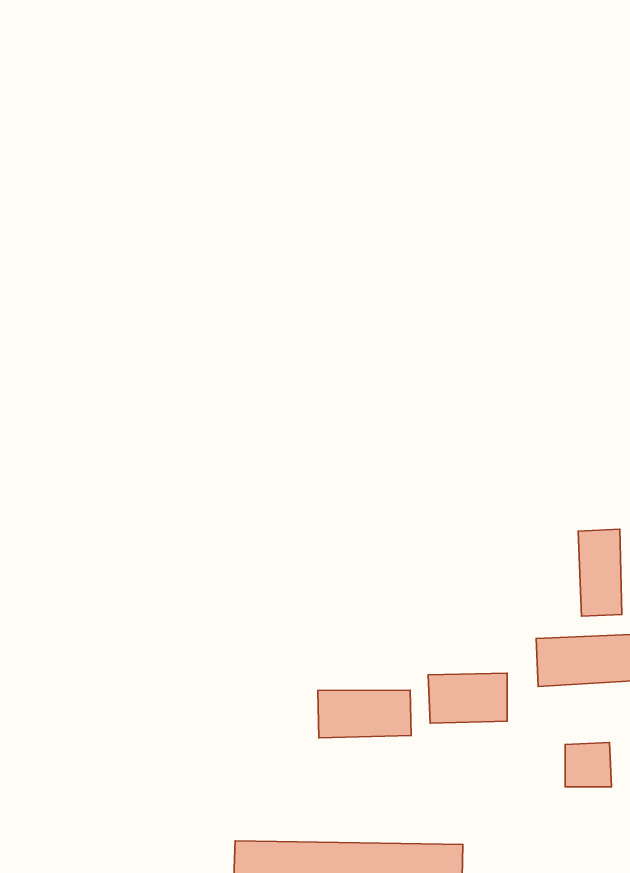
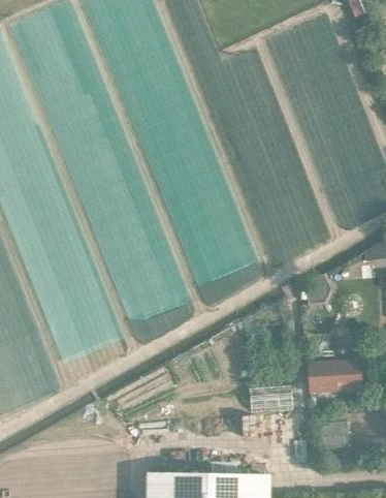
building: [578,529,622,616] -> none
building: [318,690,411,738] -> none

